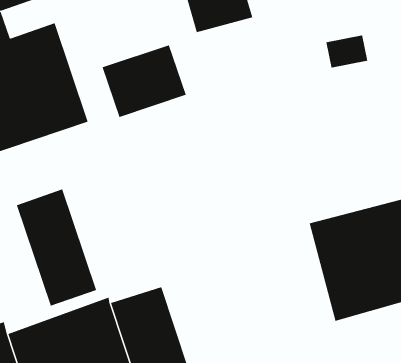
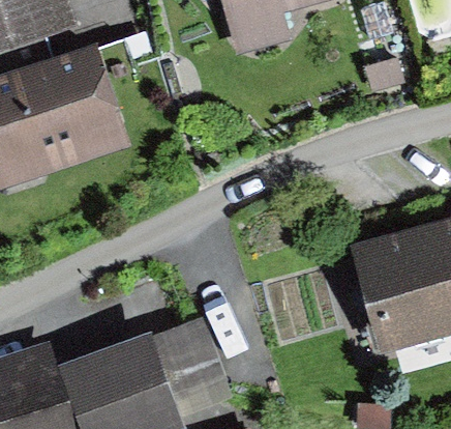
building: [102,44,187,118] -> none
building: [16,189,97,307] -> none

